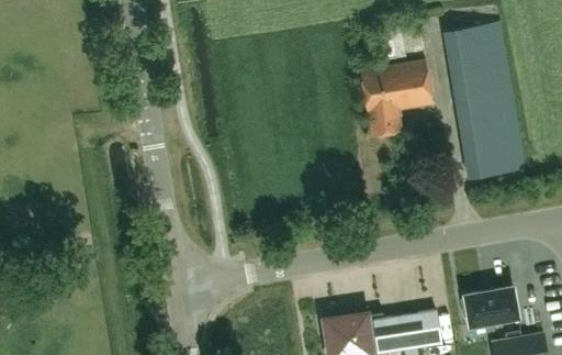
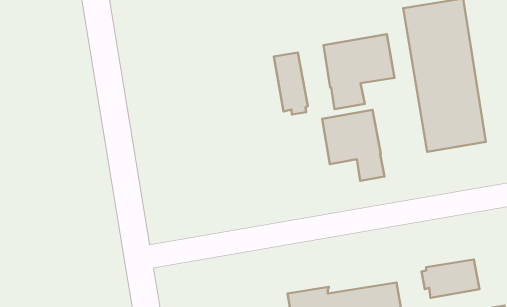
building: none -> [274,53,308,115]
building: none -> [322,110,385,181]

